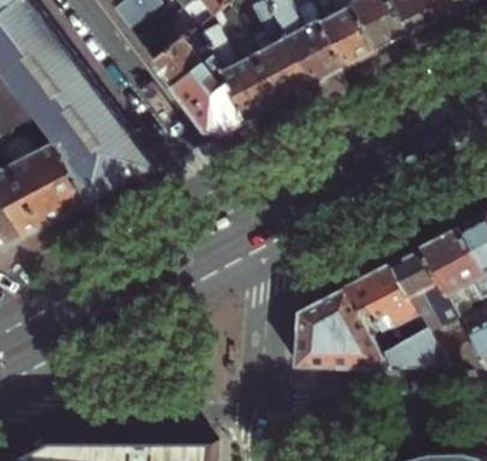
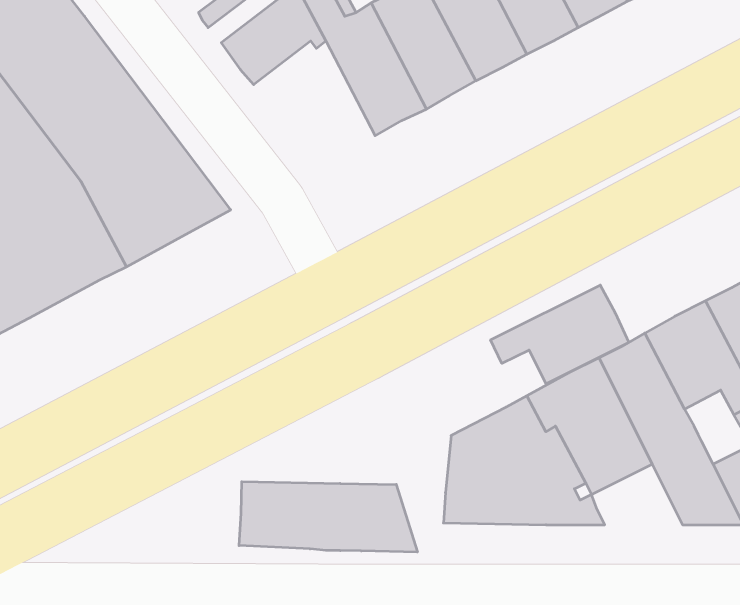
building: [170,62,247,138] -> none
building: none -> [491,285,629,384]
building: [385,332,443,370] -> none
building: none -> [239,482,417,552]

